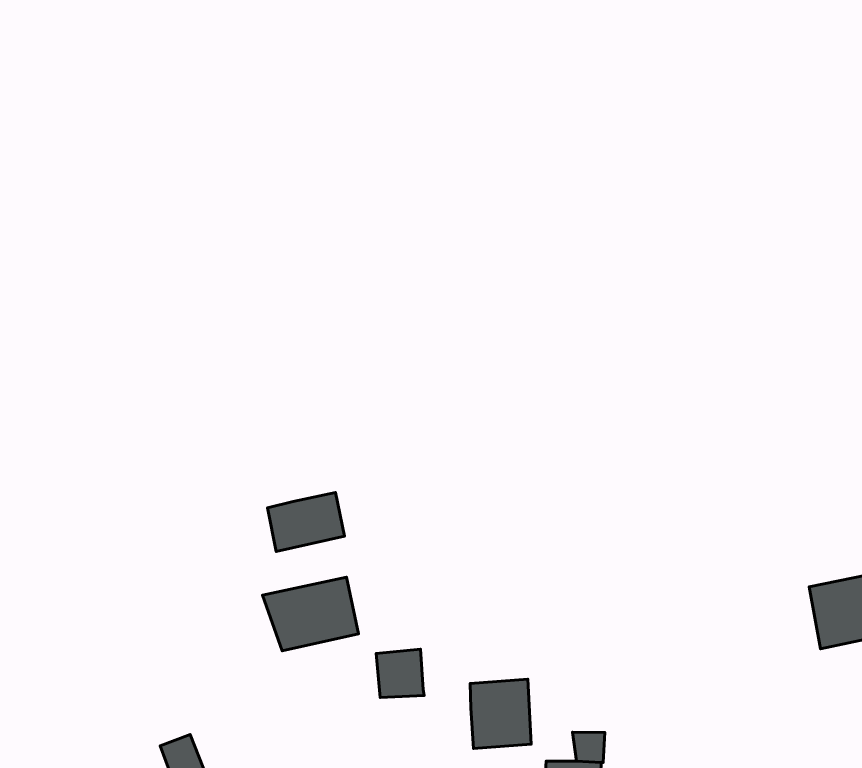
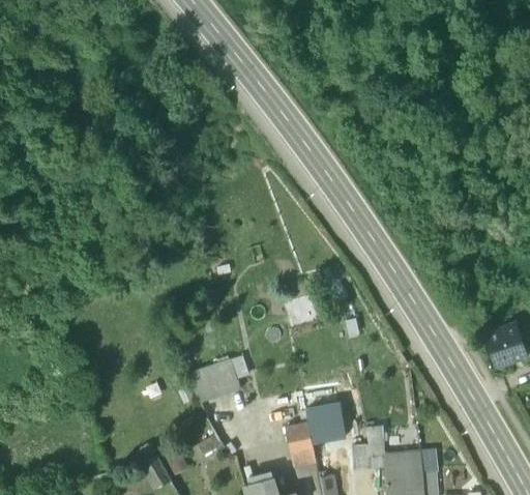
building: [267,493,344,551] -> none
building: [376,649,424,698] -> [285,423,314,452]

